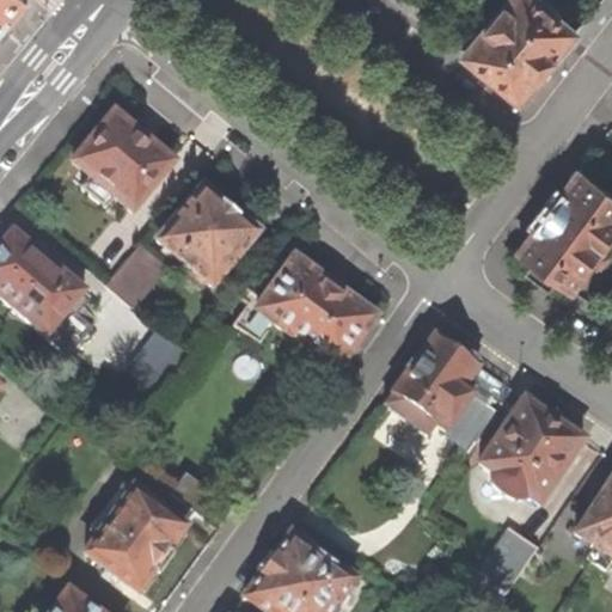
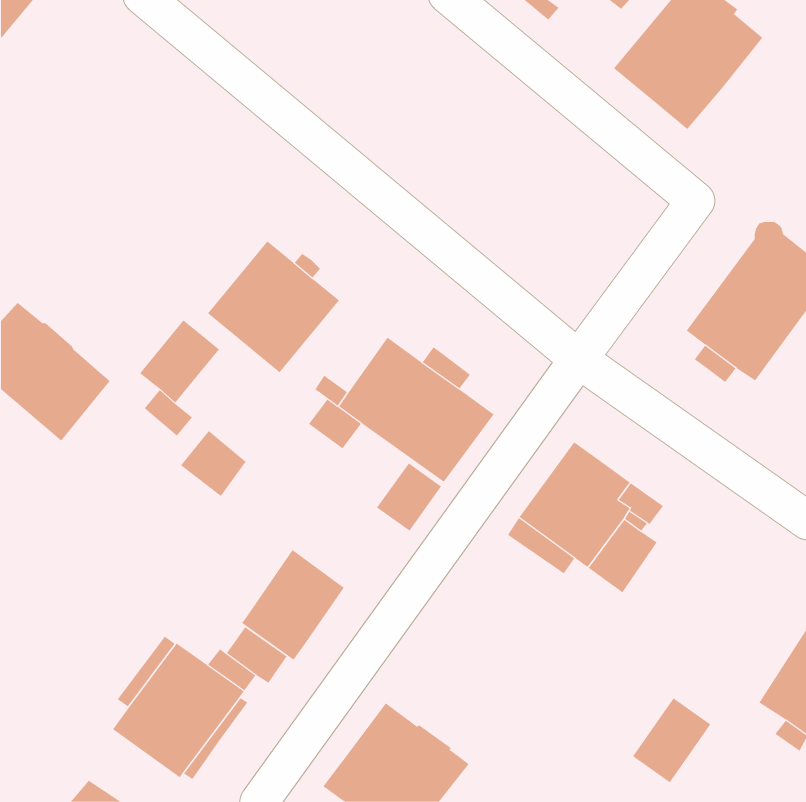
building: [73,110,173,207] -> none
building: none -> [376,462,442,532]
building: [481,398,583,502] -> none
building: none -> [241,549,345,661]

